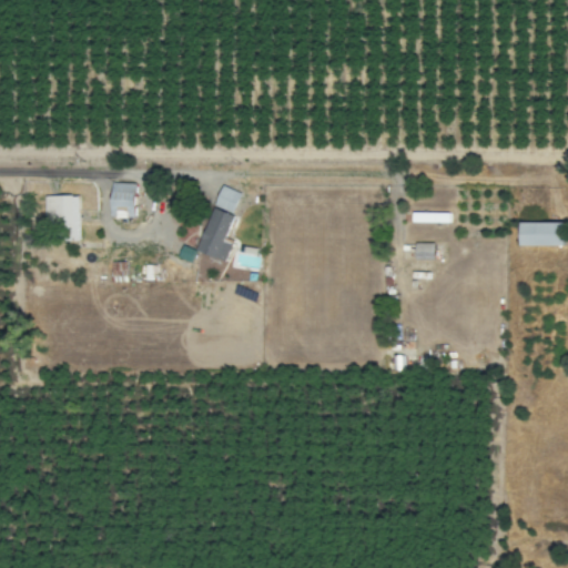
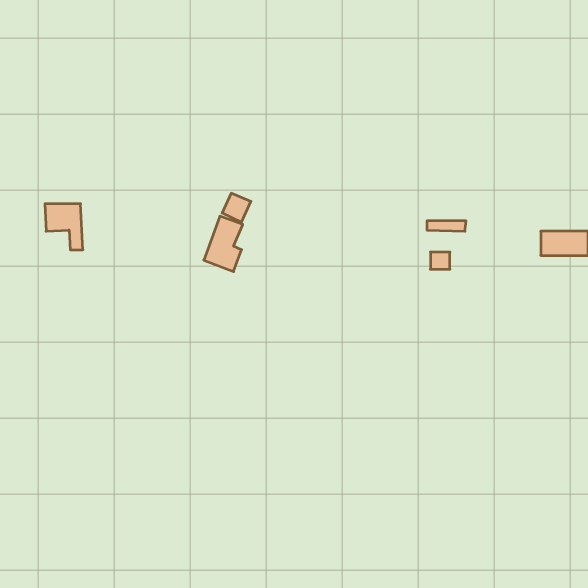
building: [112,183,136,217] -> none

